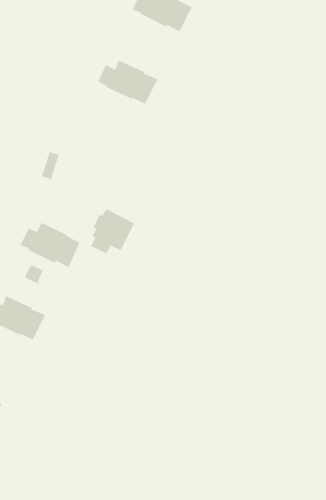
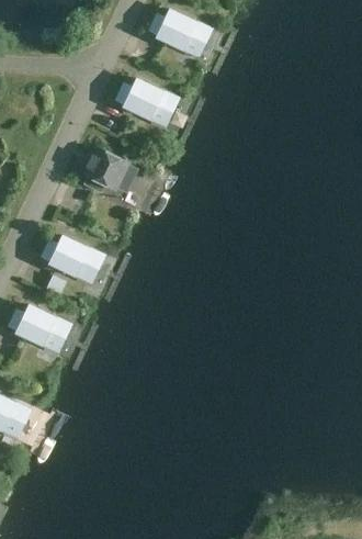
building: [90,208,135,254] -> [83,149,126,193]

